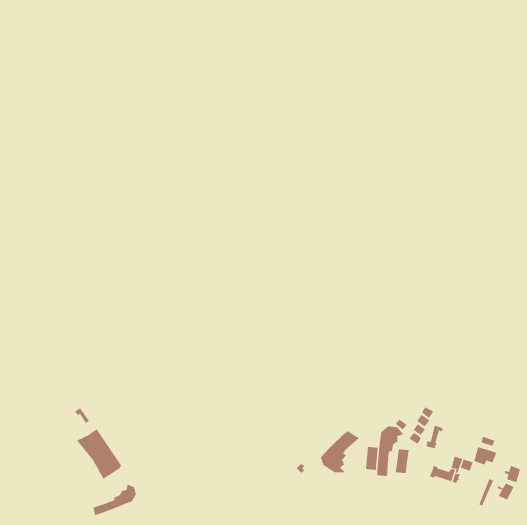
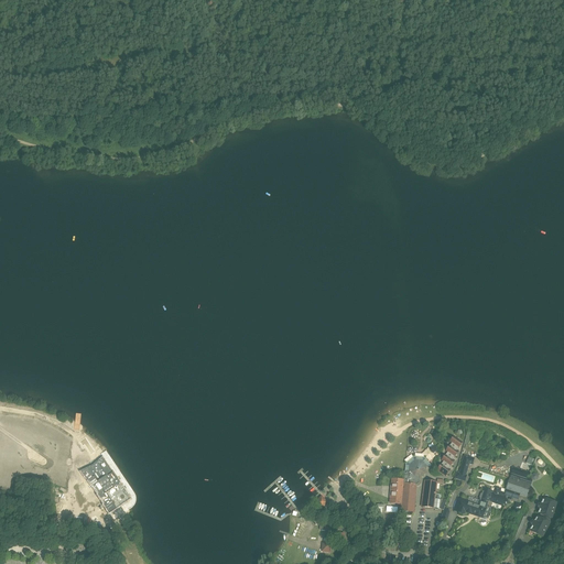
building: [320,430,360,473] -> none
building: [93,484,136,516] -> none

